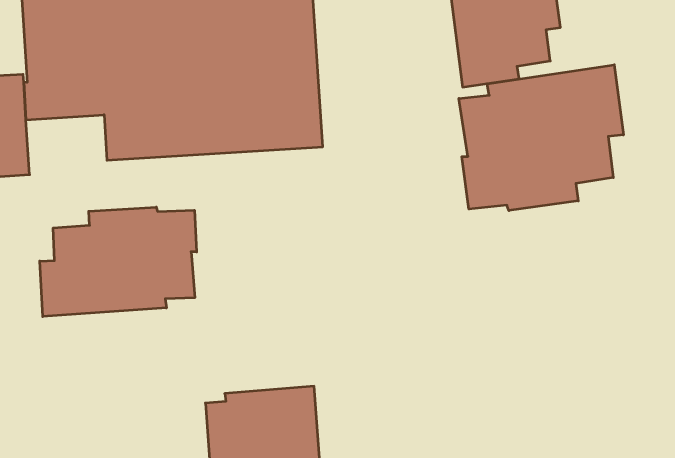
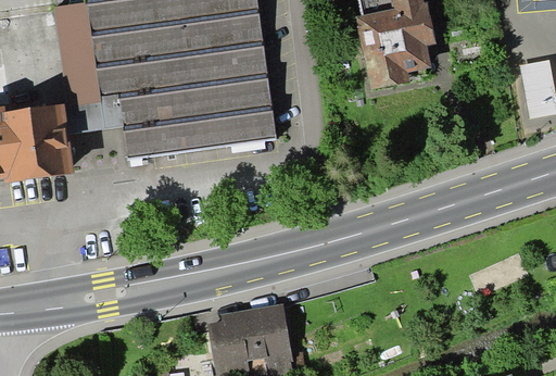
building: [459,65,623,211] -> none
building: [40,207,197,317] -> none

